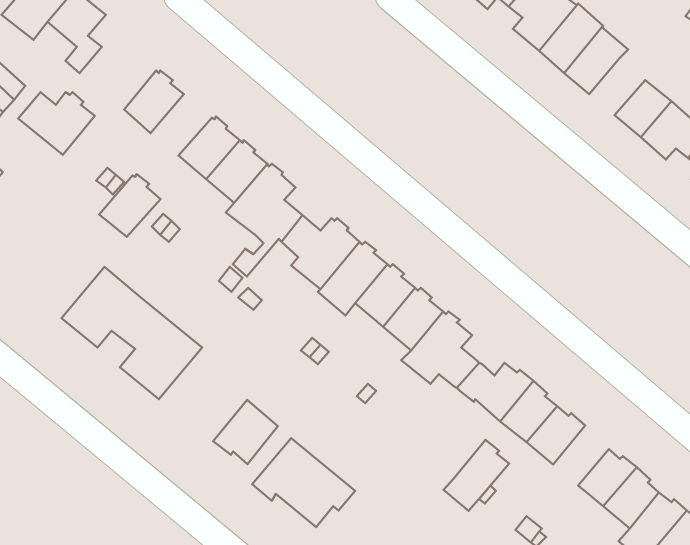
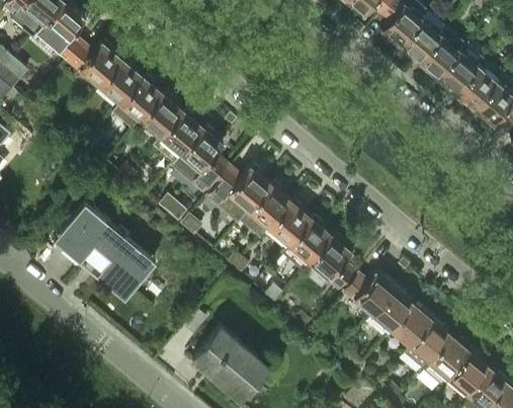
building: none -> [437,52,478,93]
building: [18,92,95,155] -> [67,44,122,89]
building: [99,174,160,237] -> [118,77,163,123]
building: [213,400,278,464] -> none
building: [444,440,509,511] -> [404,319,451,371]

